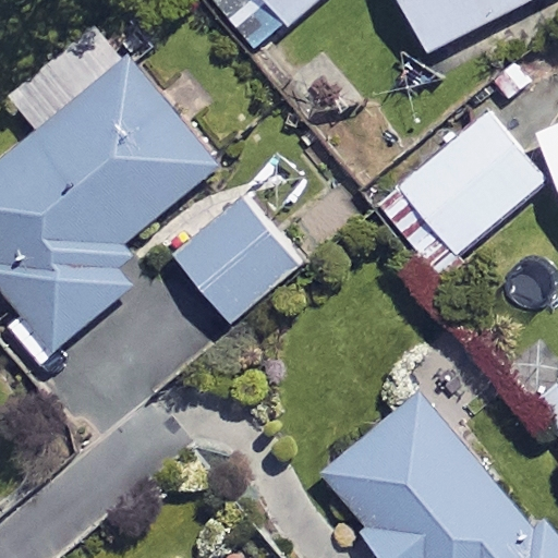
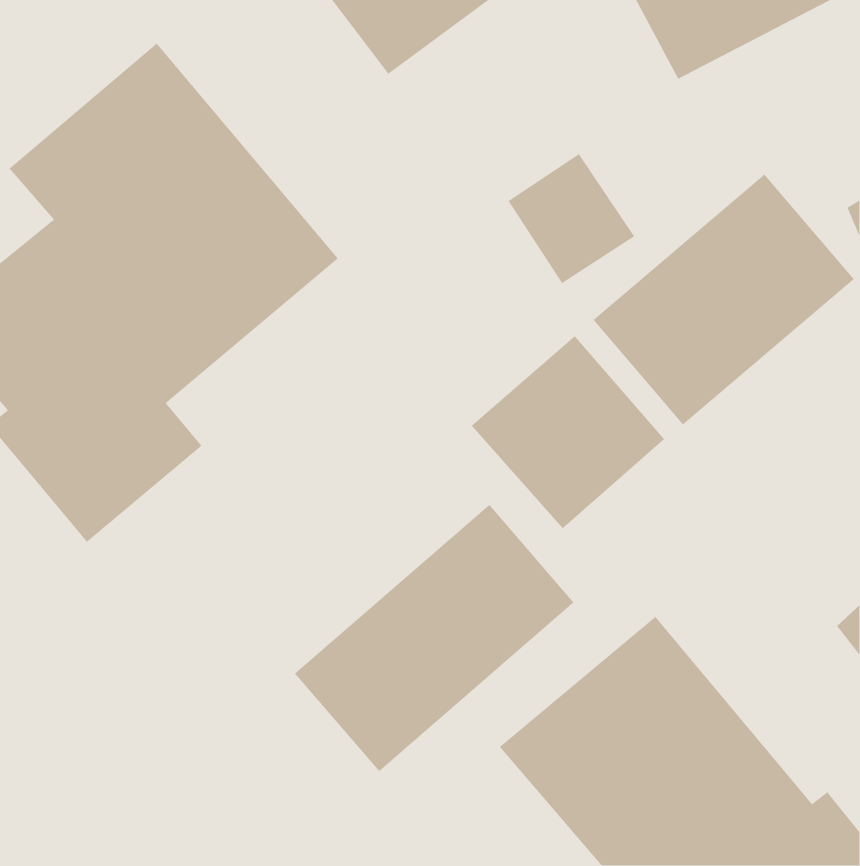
building: [177,196,301,320] -> [471,335,665,529]
building: none -> [294,504,574,772]

